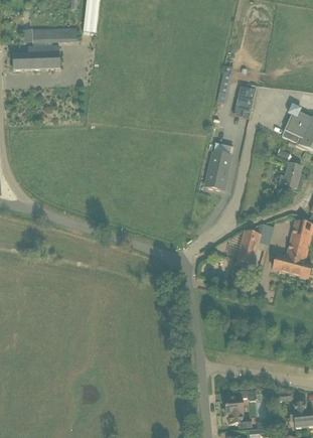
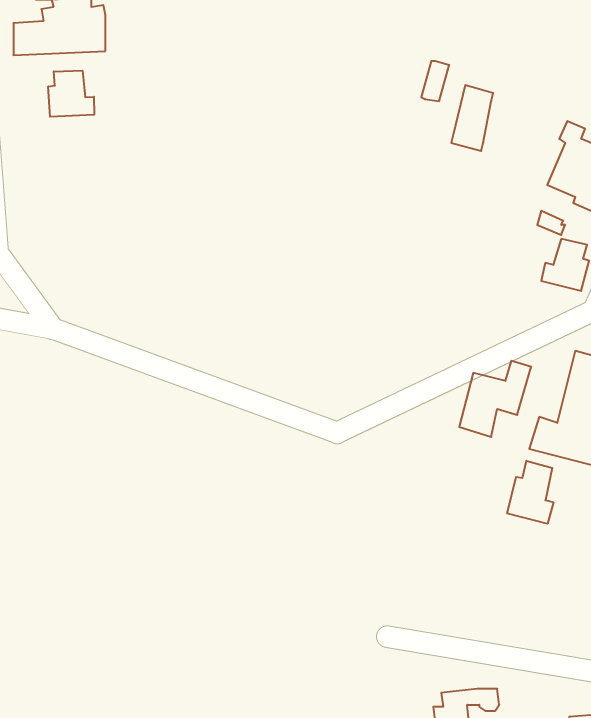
building: none -> [48,71,94,117]
building: [205,141,232,190] -> none
building: none -> [507,461,553,524]

